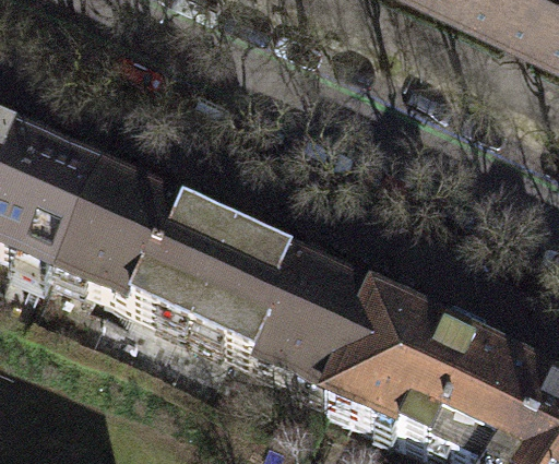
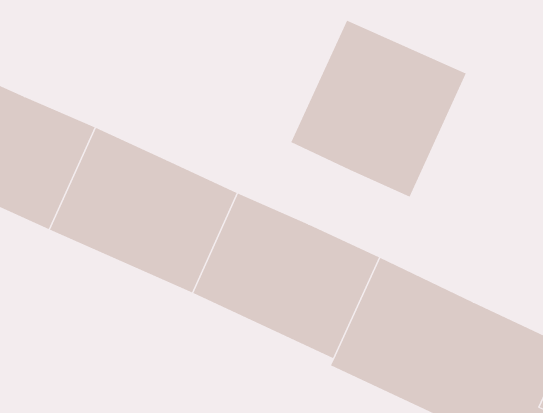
building: none -> [291,20,466,198]

